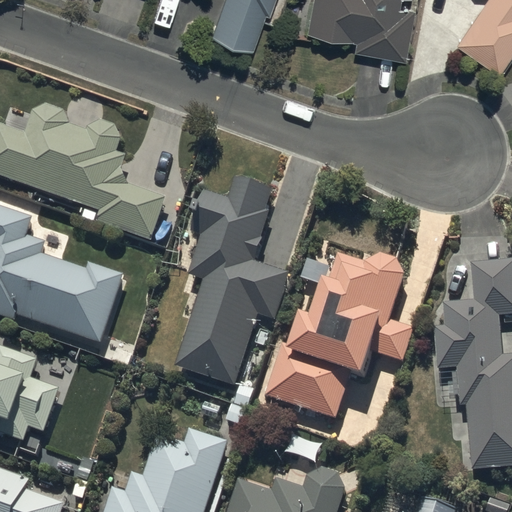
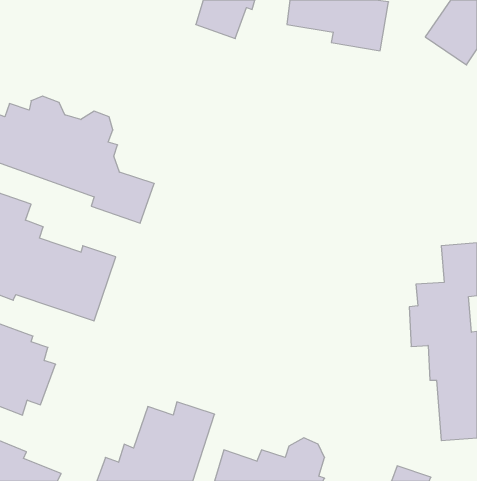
building: [176,174,289,384] -> none
building: [267,251,413,417] -> none

